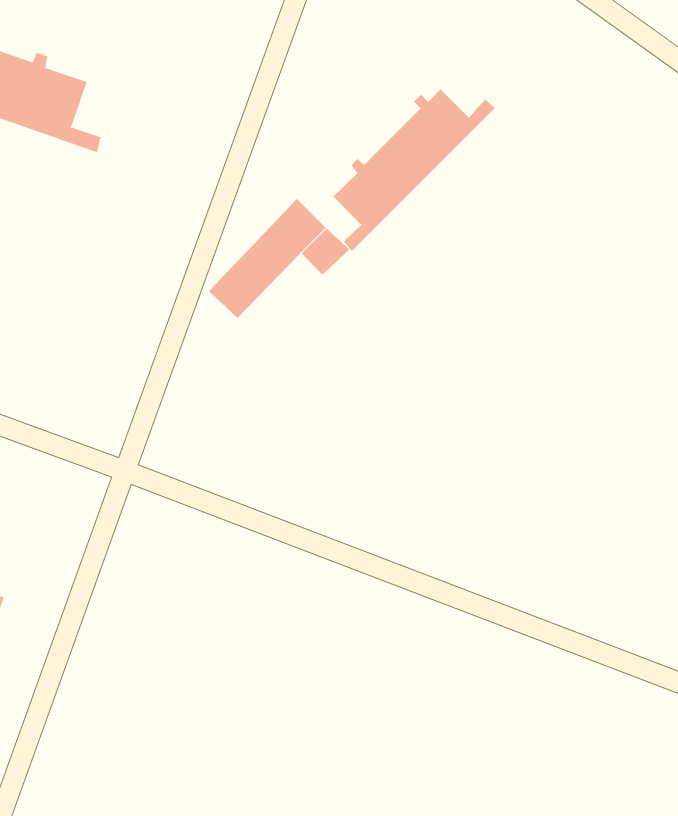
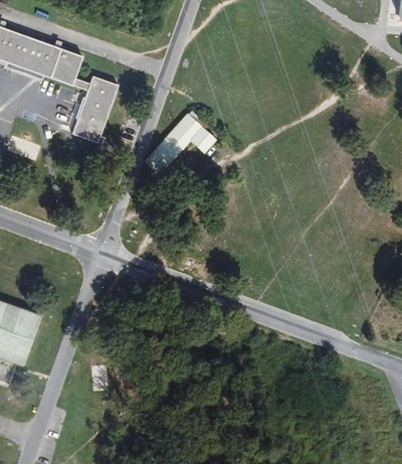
building: [332,89,495,252] -> none
building: none -> [71,75,117,143]

